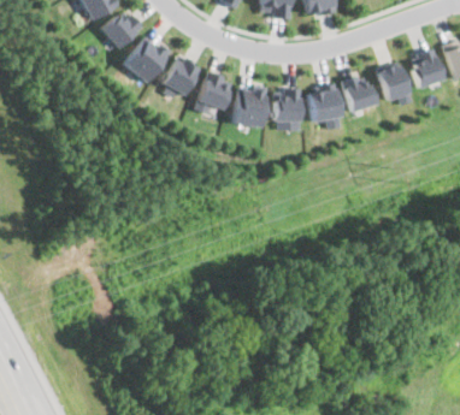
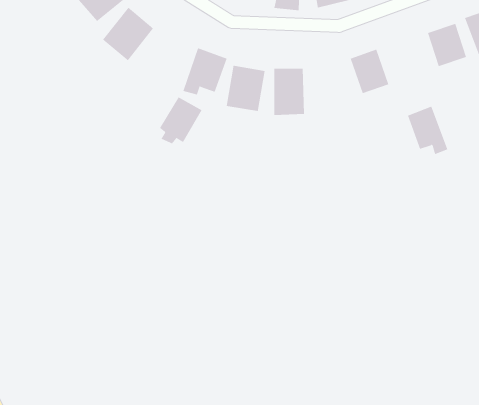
building: [161,53,200,95] -> [159,97,203,144]
building: [378,60,414,103] -> [407,106,448,155]
building: [307,82,344,128] -> none

